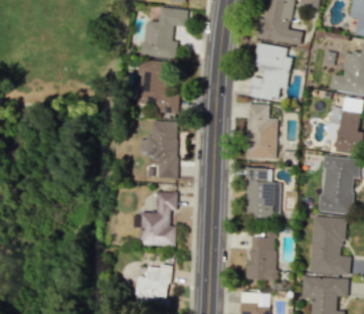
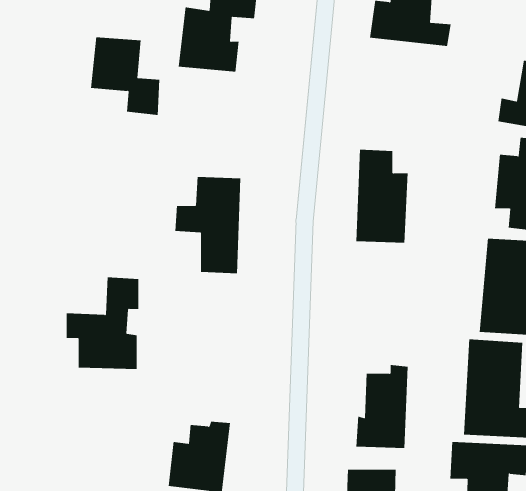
building: [249,42,292,101] -> none
building: [138,71,179,118] -> [90,37,160,115]
building: [243,167,281,218] -> none
building: [134,191,177,246] -> [66,277,139,369]

